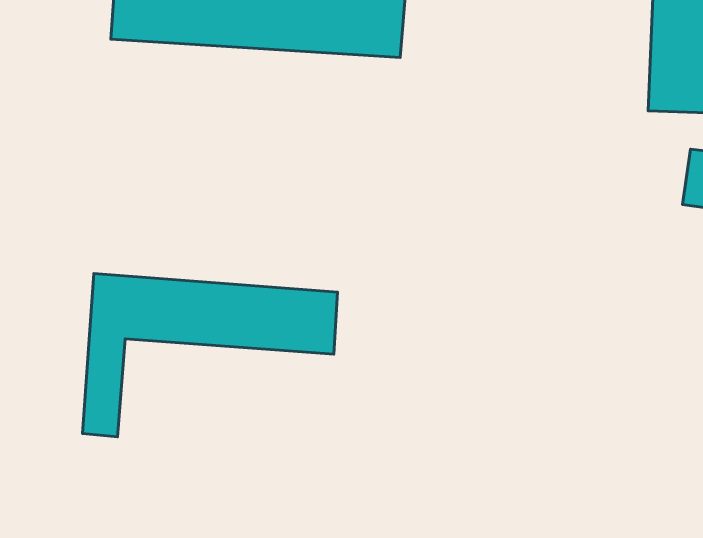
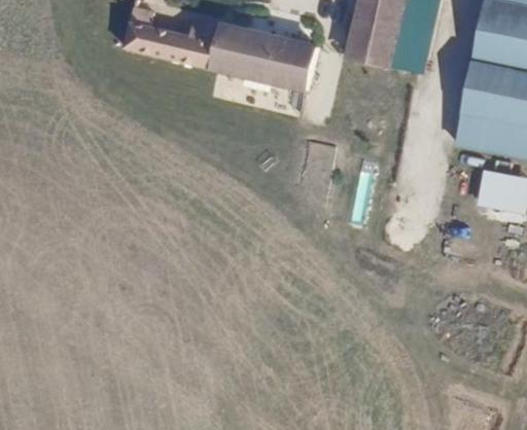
building: [83,274,337,437] -> none

